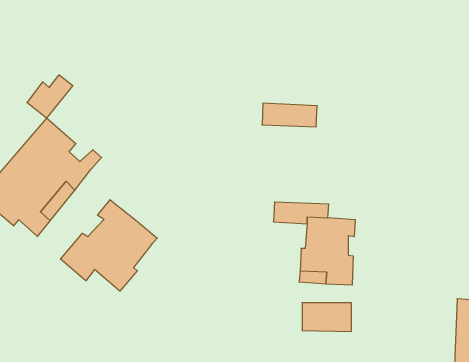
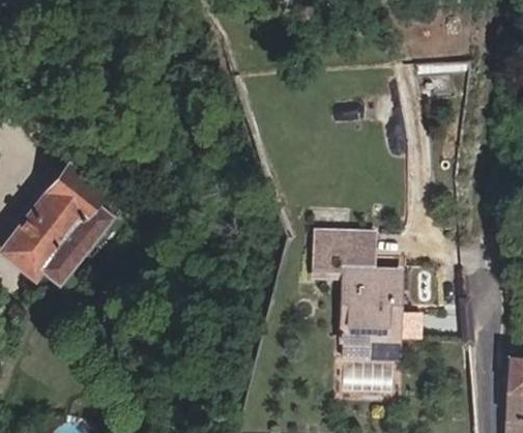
building: [27,75,73,118] -> none
building: [262,103,317,127] -> [314,228,372,253]
building: [60,200,157,291] -> none

